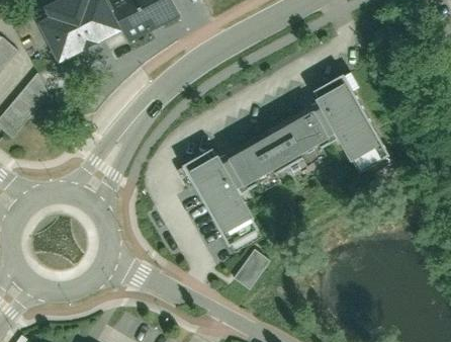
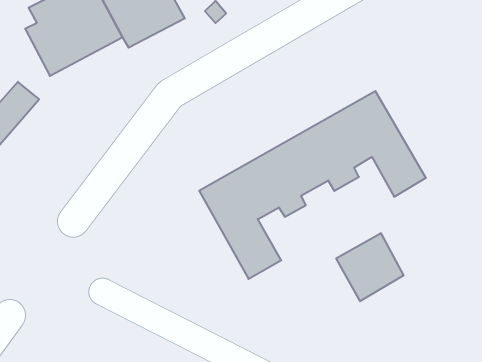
building: none -> [336,233,404,301]
building: [233,248,271,289] -> none

